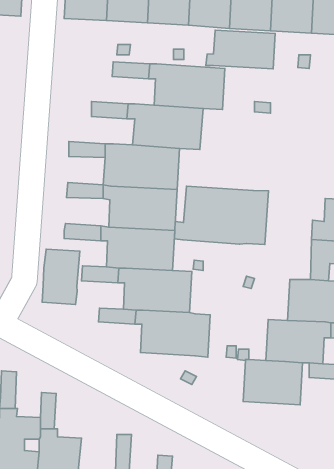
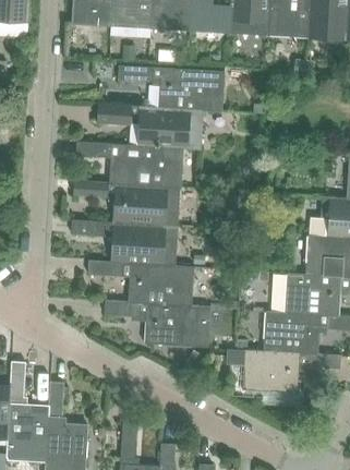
building: [206,30,275,69] -> none
building: [175,186,268,244] -> none
building: [42,249,80,304] -> none

